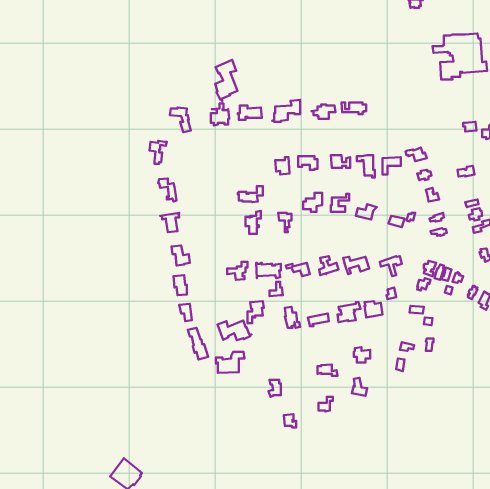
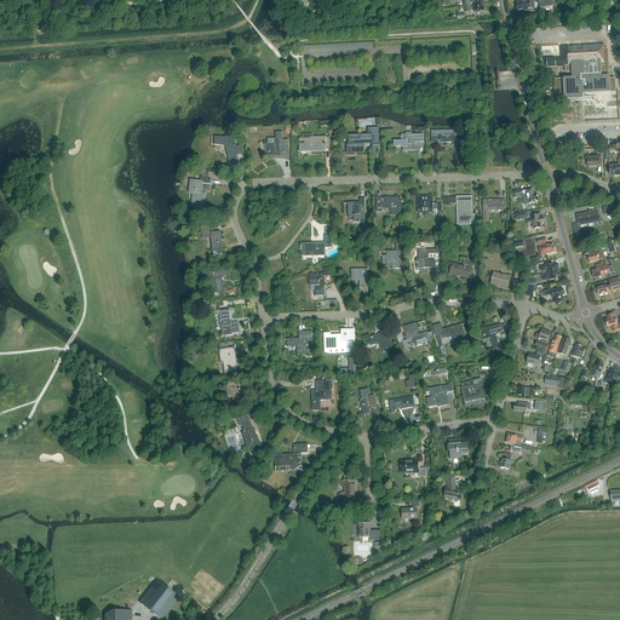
building: [215,60,237,101] -> none
building: [217,321,251,340] -> none

